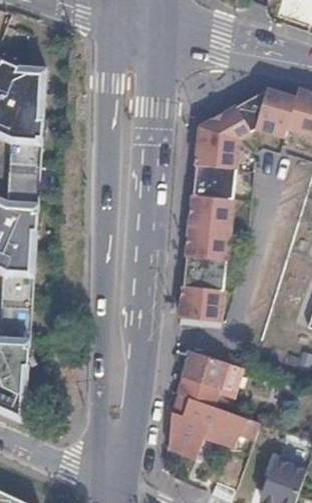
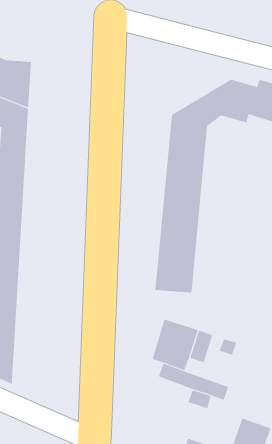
building: [169,393,208,456] -> none

